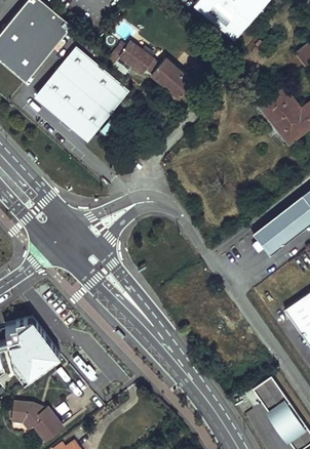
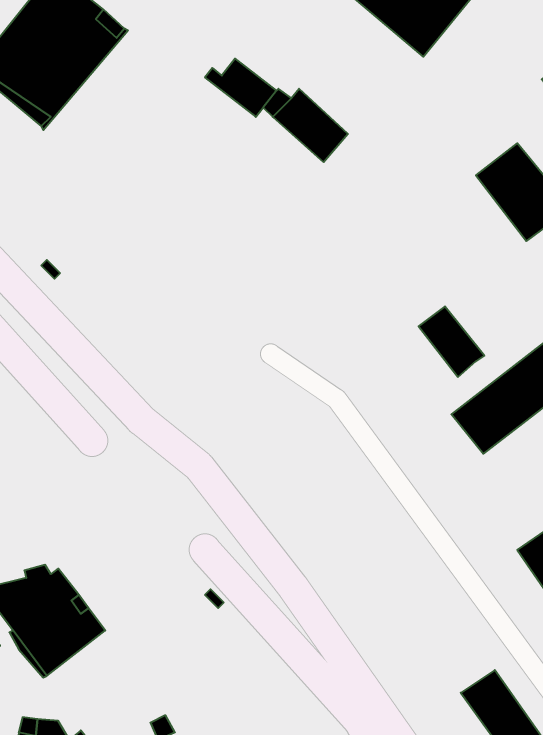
building: [38,49,128,138] -> none
building: none -> [419,306,484,377]

